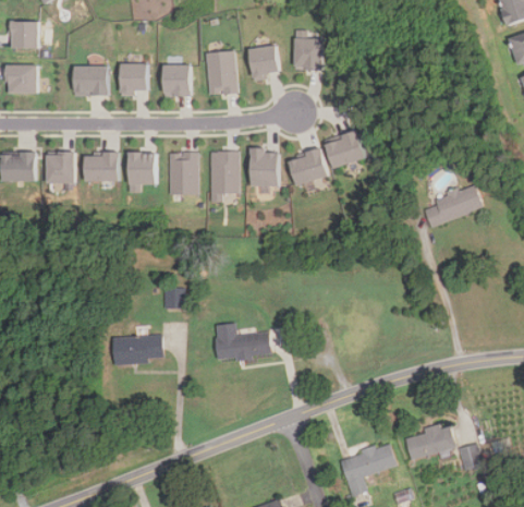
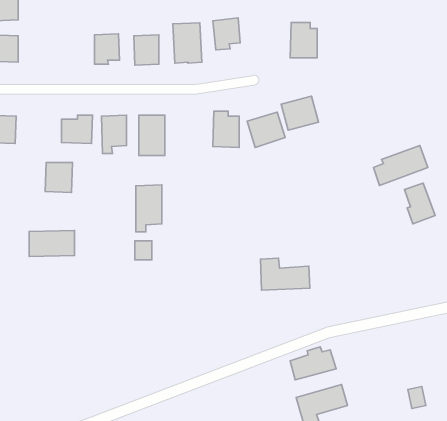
building: [294,32,324,70] -> [290,23,317,58]
building: [75,67,109,96] -> none
building: [210,150,239,202] -> [136,185,162,232]
building: [46,152,75,184] -> [45,162,72,193]
building: none -> [405,183,435,224]
building: [216,324,269,359] -> [260,258,310,290]
building: [113,336,162,364] -> [29,231,74,257]
building: [405,424,455,460] -> [290,347,336,380]

